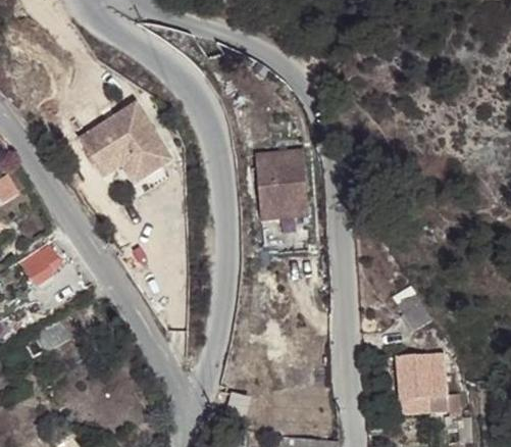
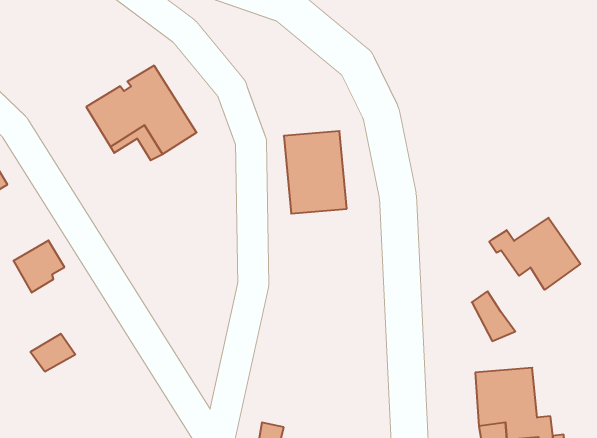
building: none -> [489,218,580,290]

